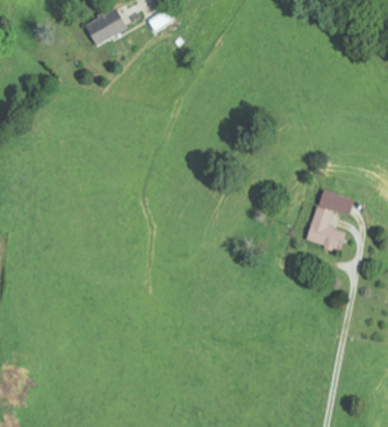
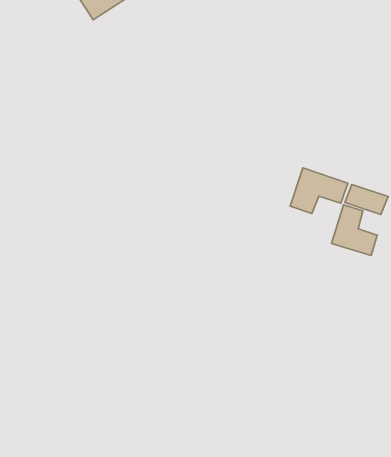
building: none -> [290,168,348,214]

